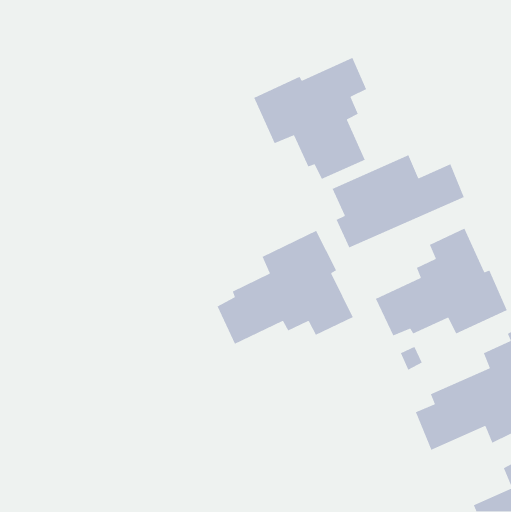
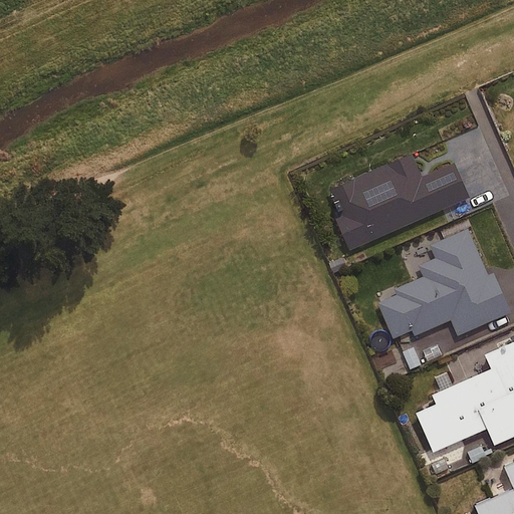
building: [253,57,367,180] -> none
building: [216,230,354,345] -> none

